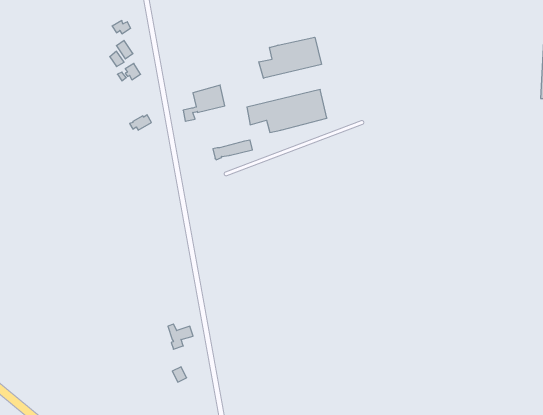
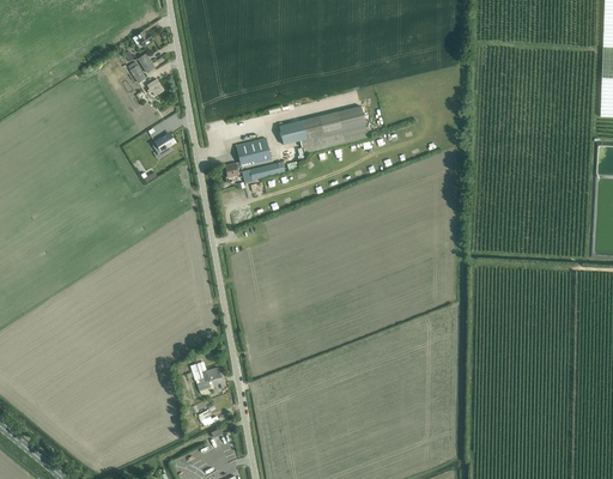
building: [259,37,321,78] -> none
building: [183,85,225,121] -> [229,137,274,176]

